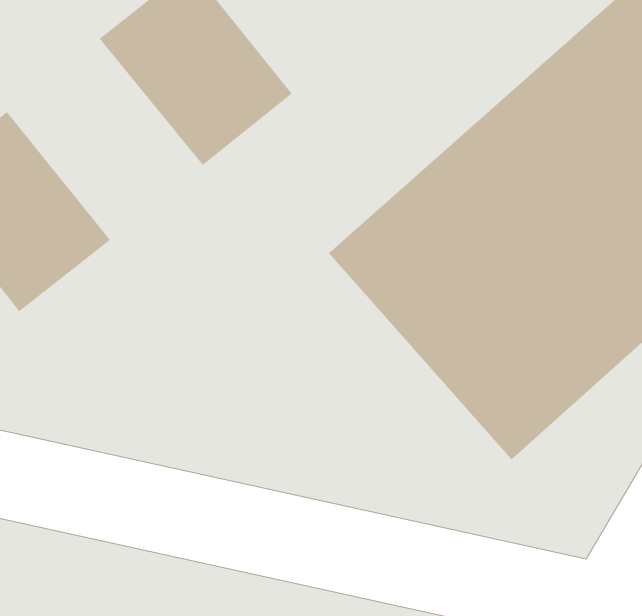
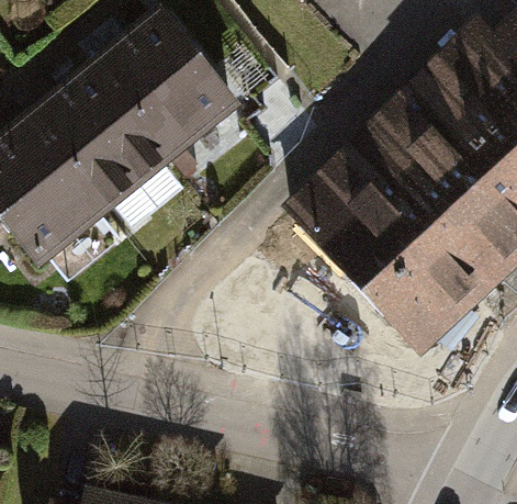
building: none -> [36,56,181,205]

